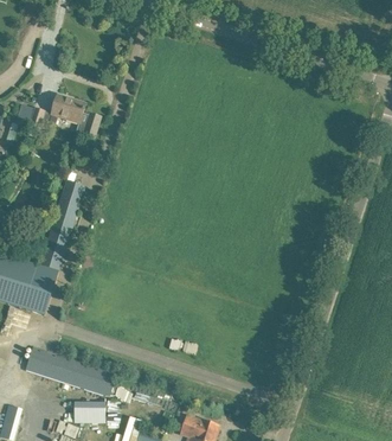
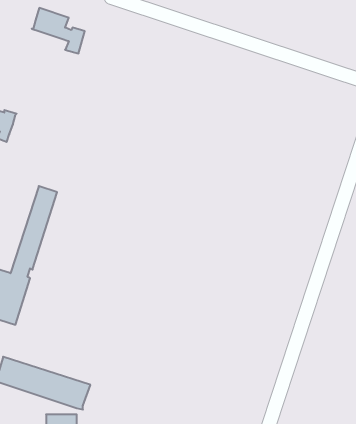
building: [50,94,101,138] -> [32,8,85,53]

